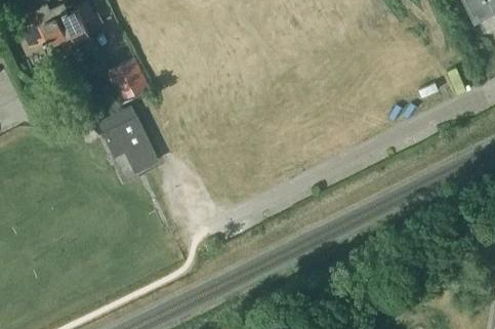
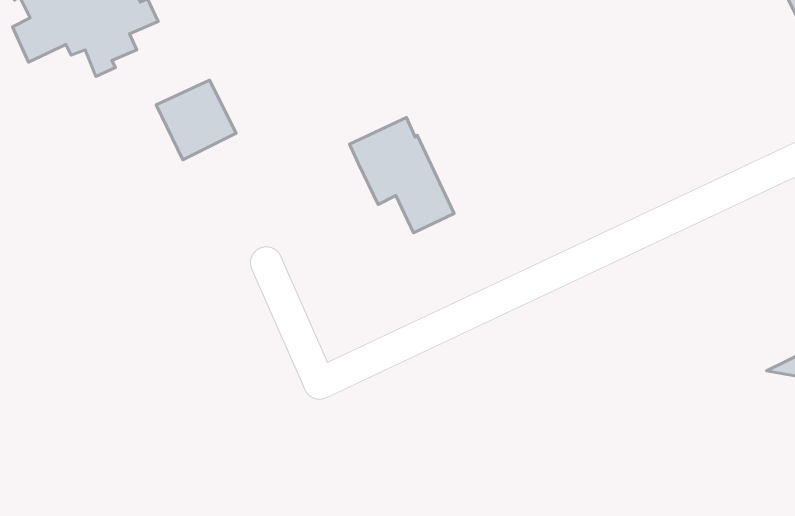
building: [99,107,160,173] -> [350,118,454,233]

